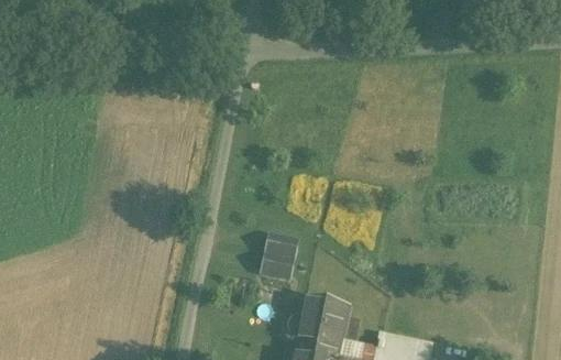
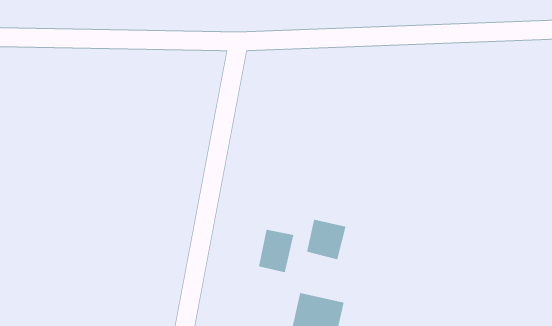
building: none -> [306,219,346,260]

